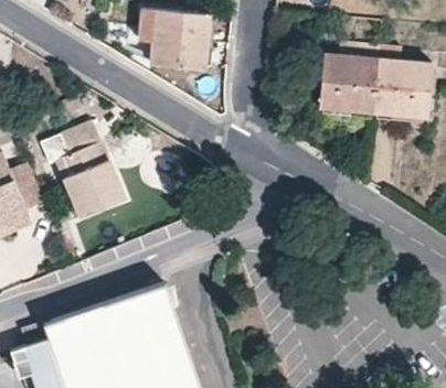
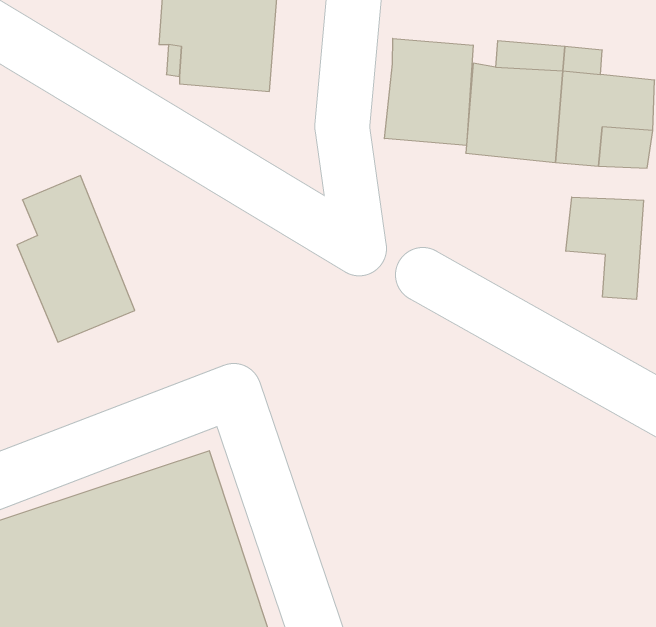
building: none -> [384,38,473,146]
building: none -> [566,197,644,299]

